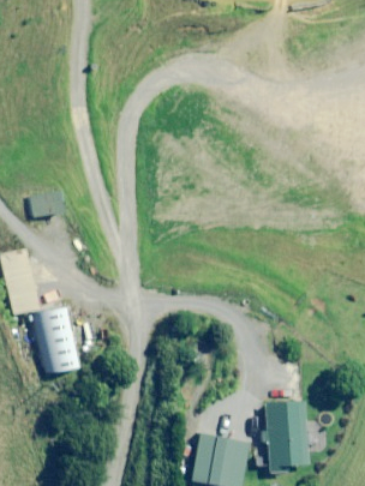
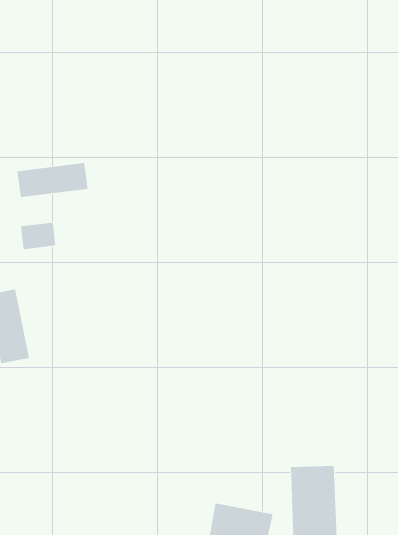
building: none -> [17,162,88,198]
building: [40,308,78,373] -> none

